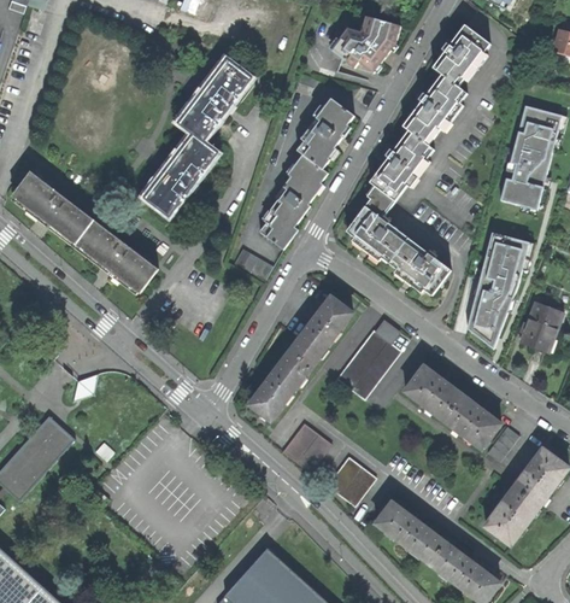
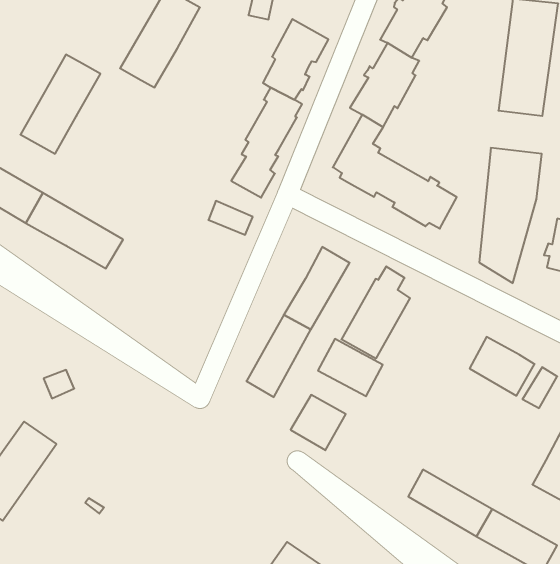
building: [141,131,217,216] -> [20,55,100,154]
building: [404,367,460,420] -> [318,339,383,396]
building: [325,458,375,508] -> none

